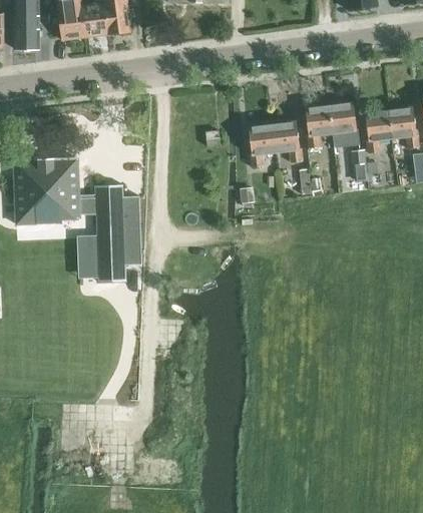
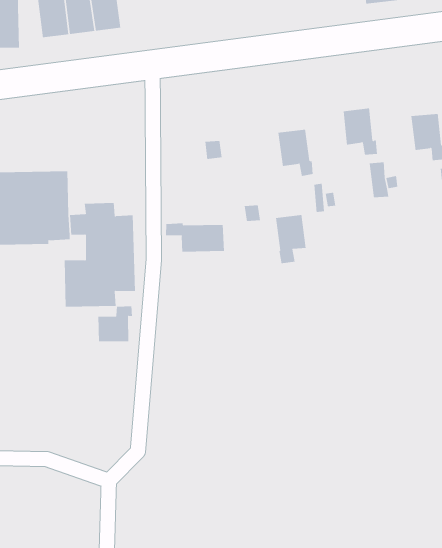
building: [304,104,330,148] -> none
building: [364,108,391,152] -> none
building: [245,123,273,167] -> [275,214,307,264]
building: none -> [165,223,224,253]
building: none -> [98,306,132,342]

